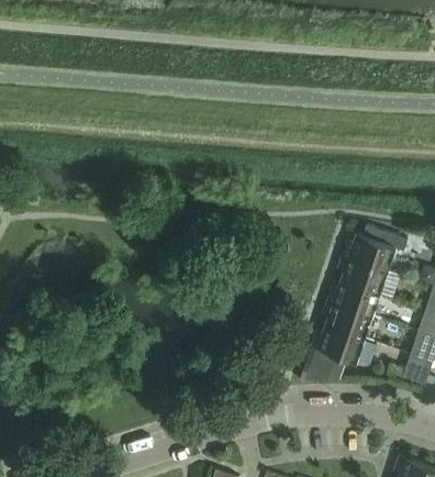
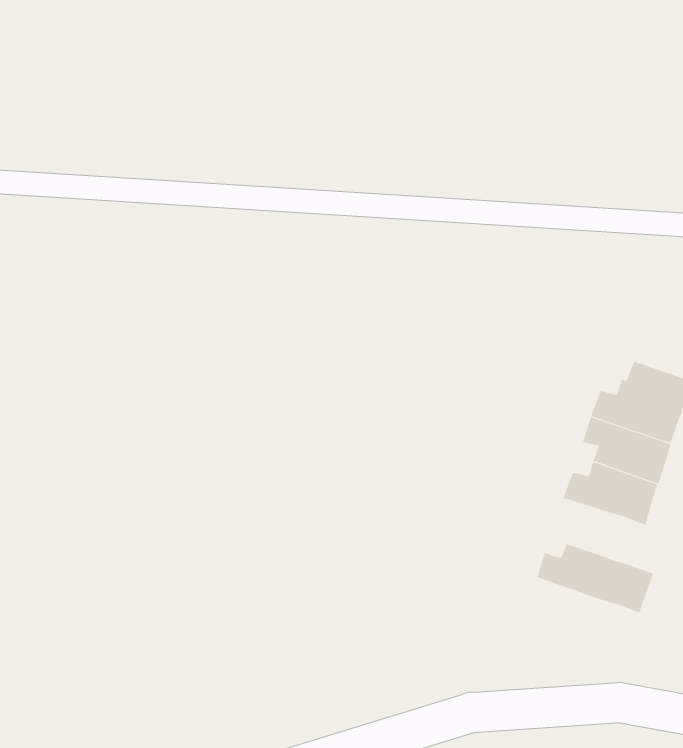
building: [322,301,372,339] -> none
building: [306,347,349,379] -> none

